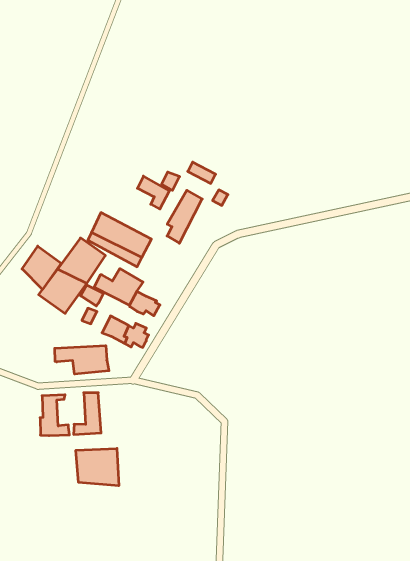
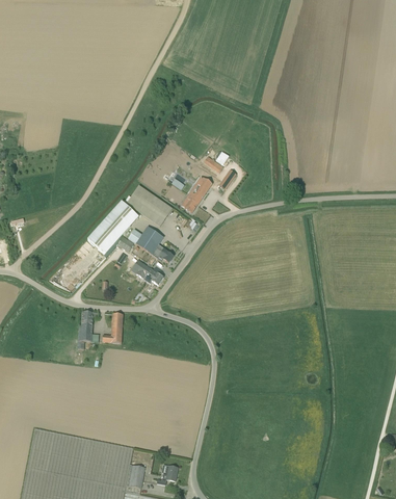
building: [22,246,61,289] -> none
building: [55,346,109,374] -> none
building: [76,448,119,486] -> none

